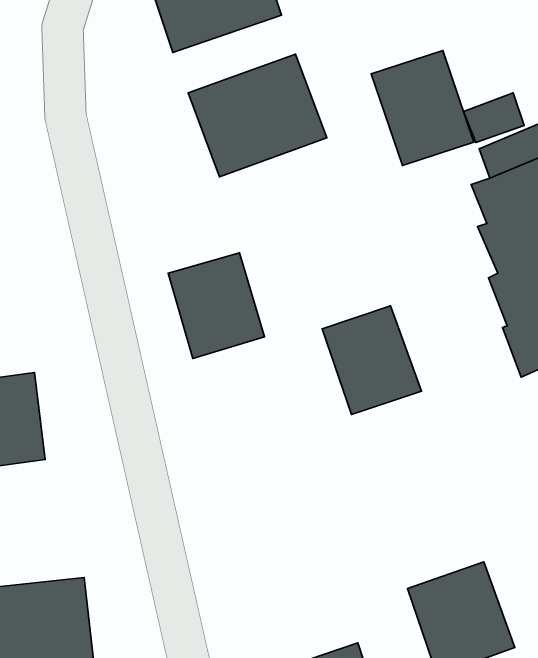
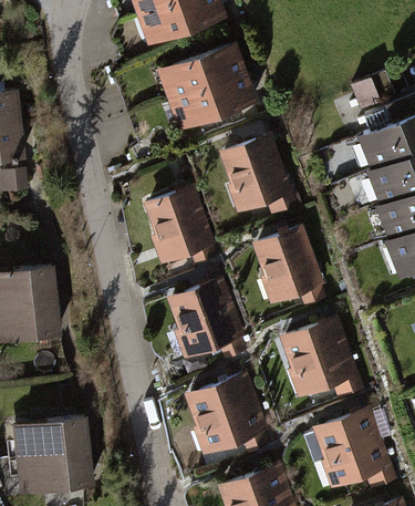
building: [371,50,474,165] -> [218,133,291,215]
building: none -> [169,279,243,358]
building: none -> [282,317,360,397]
building: none -> [189,370,269,453]

